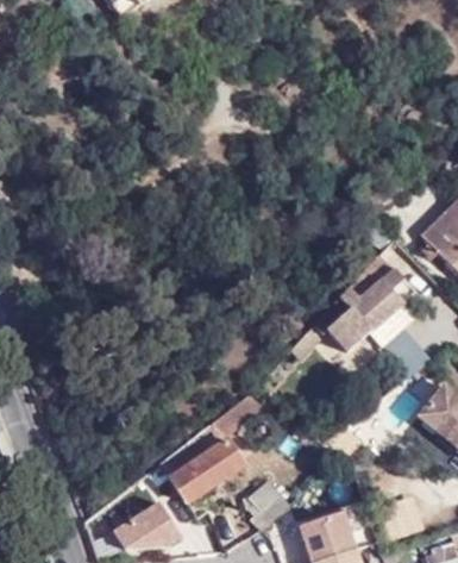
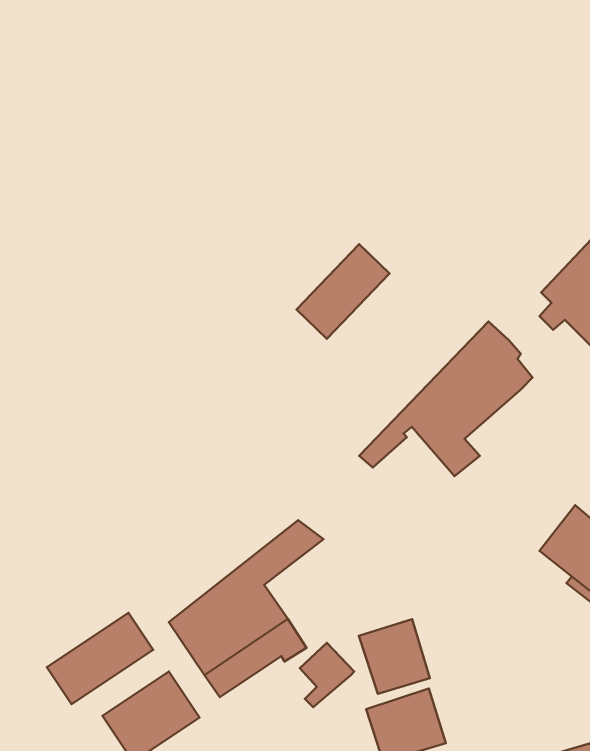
building: none -> [296,244,390,339]
building: none -> [47,613,153,704]
building: none -> [359,619,430,694]

